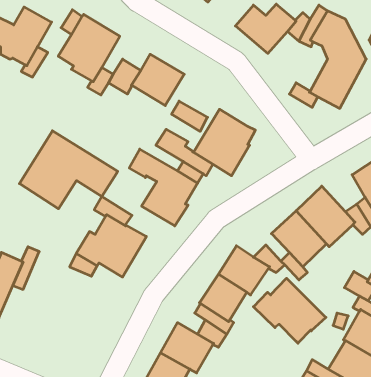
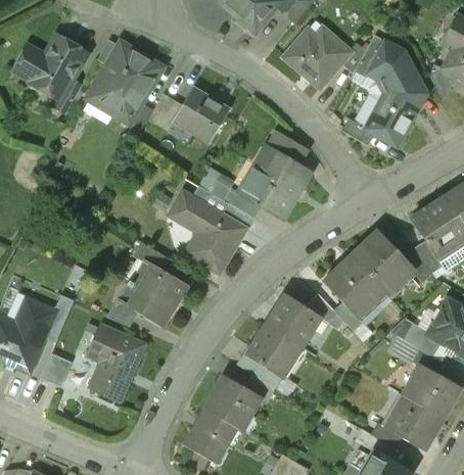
building: [172,101,208,131] -> [268,133,307,165]
building: [19,131,118,209] -> none
building: none -> [88,326,144,400]
building: [253,278,326,343] -> none
building: none -> [41,352,73,385]

